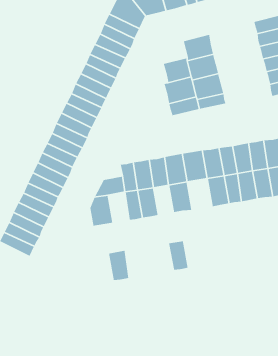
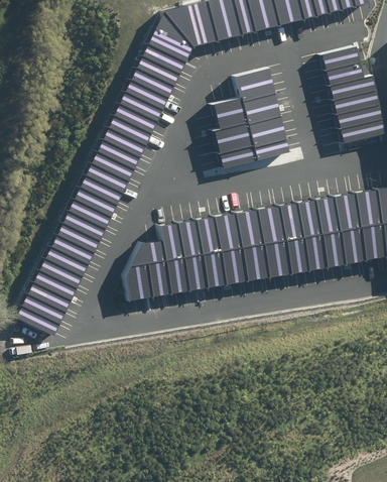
building: none -> [242,242,272,280]
building: [168,240,188,271] -> [202,250,226,286]
building: [108,250,129,281] -> [147,258,172,295]

